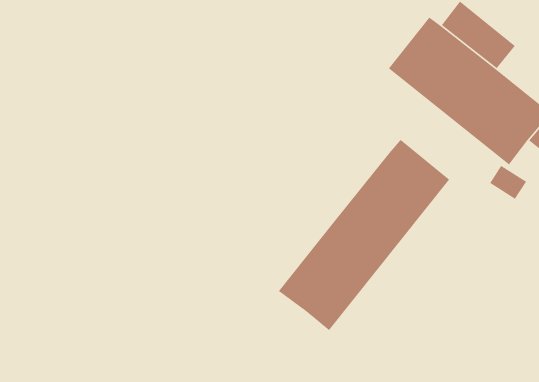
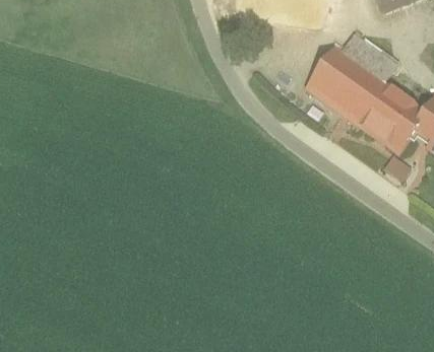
building: [278,139,450,331] -> none

